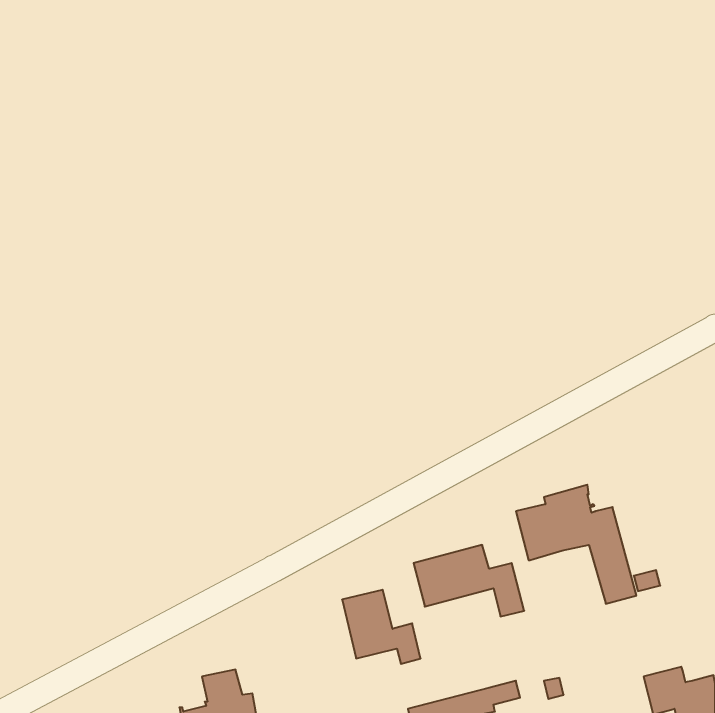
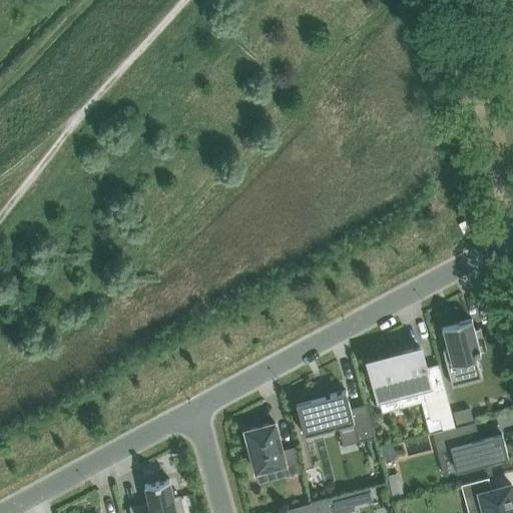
building: none -> [442,321,486,388]
building: none -> [438,430,507,473]

